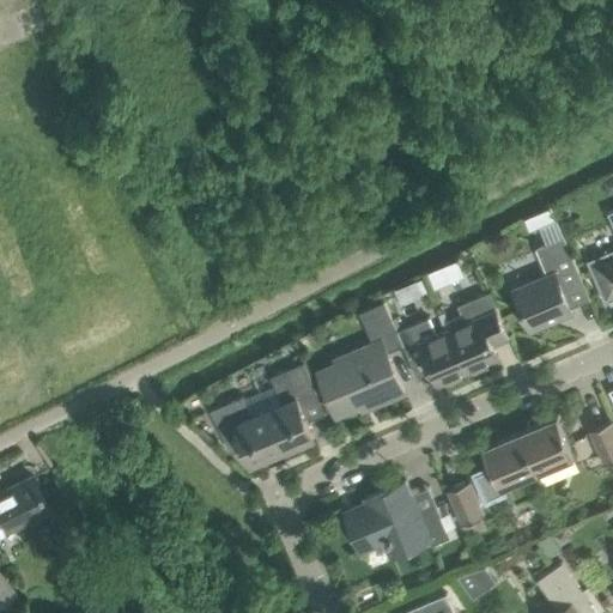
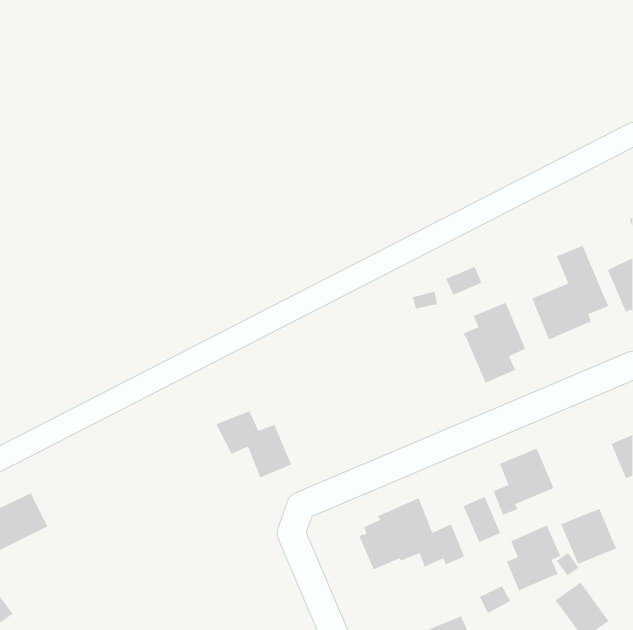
building: [358,304,393,340] -> none
building: [395,321,467,387] -> none
building: [318,342,402,418] -> none
building: [265,366,314,453] -> none
building: [517,420,572,475] -> [560,508,617,565]
building: none -> [506,524,562,591]

